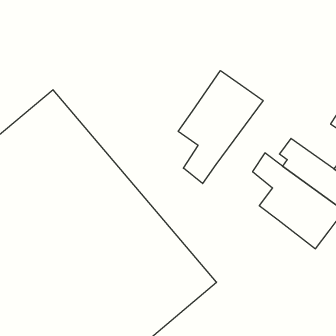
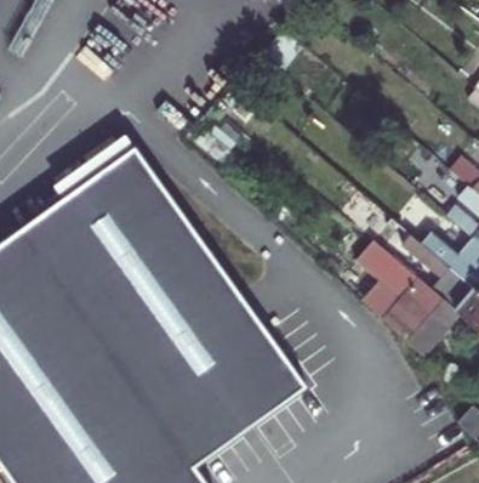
building: [178,71,263,184] -> none

